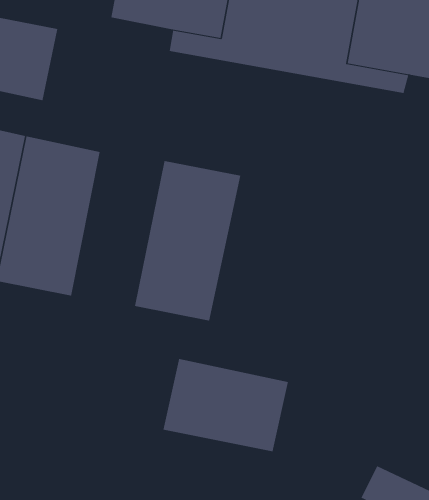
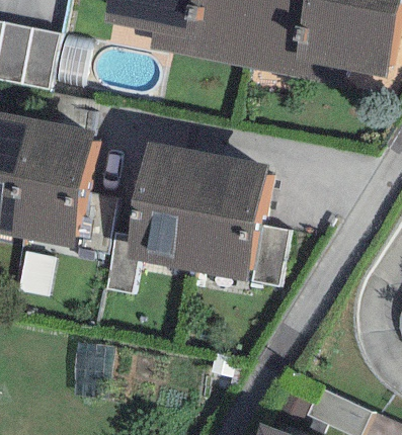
building: none -> [184,151,270,282]
building: [163,358,288,452] -> none

